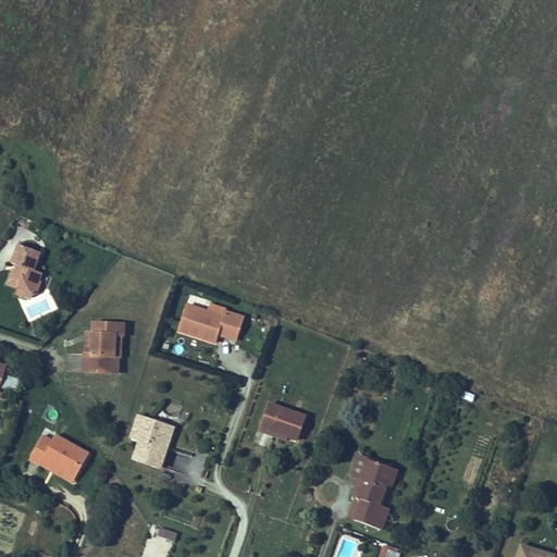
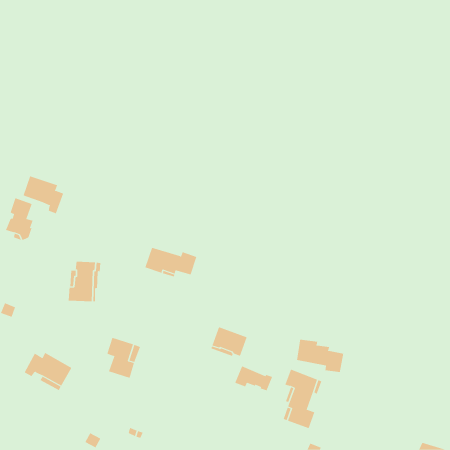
building: none -> [23,175,64,214]
building: none -> [296,339,344,373]
building: none -> [234,365,273,391]

